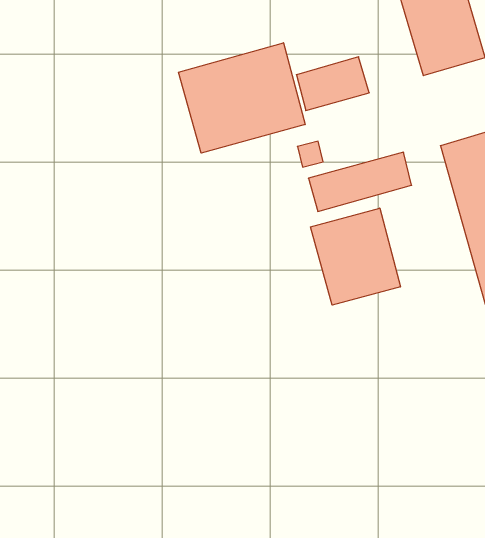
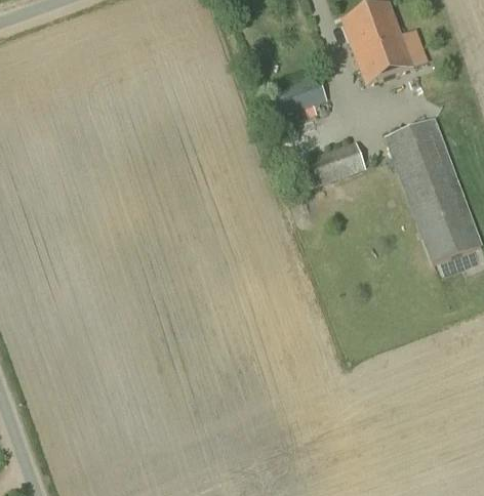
building: [178,43,305,153] -> none
building: [311,208,400,305] -> none

